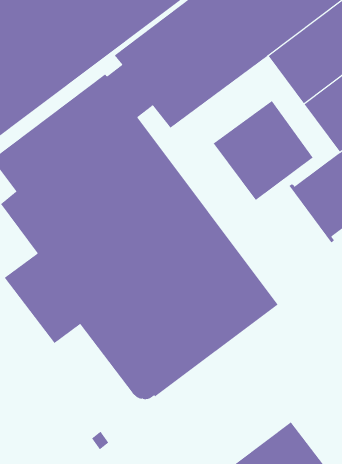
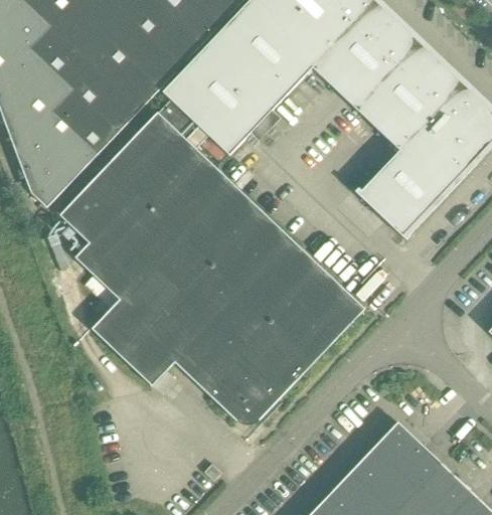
building: [213,100,314,201] -> none

